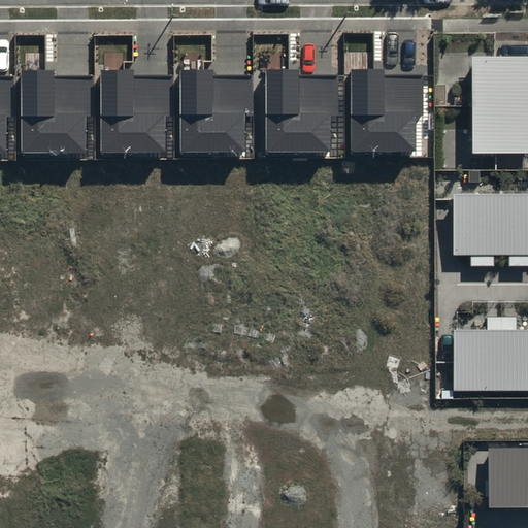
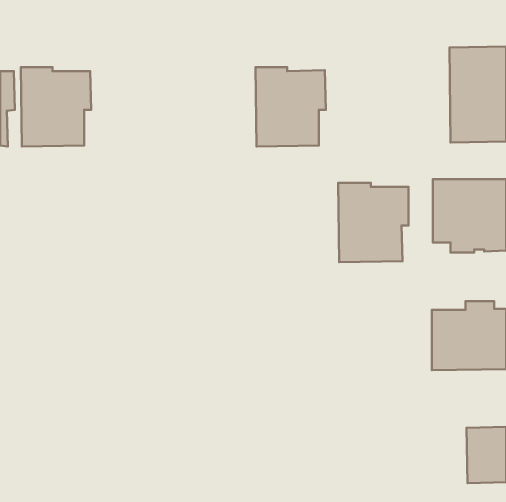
building: [350,73,423,156] -> [338,183,409,262]
building: [179,74,253,157] -> none
building: [101,75,174,157] -> none

